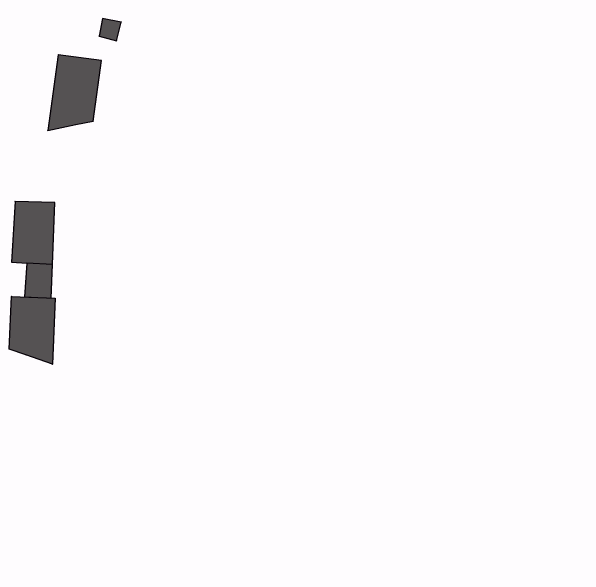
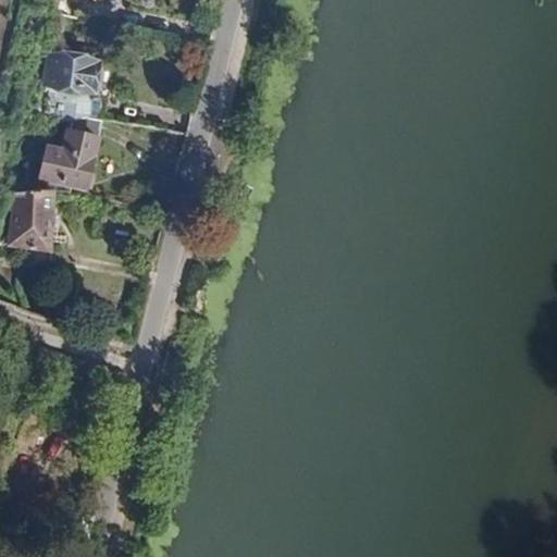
building: none -> [44,113,102,189]
building: [9,296,55,364] -> none

